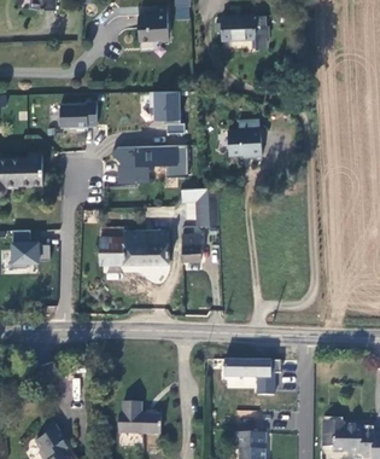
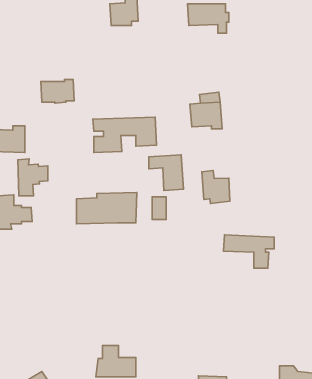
building: [150,91,186,133] -> none
building: none -> [18,159,48,196]
building: none -> [202,170,230,203]
building: [222,358,279,395] -> [224,235,274,268]

